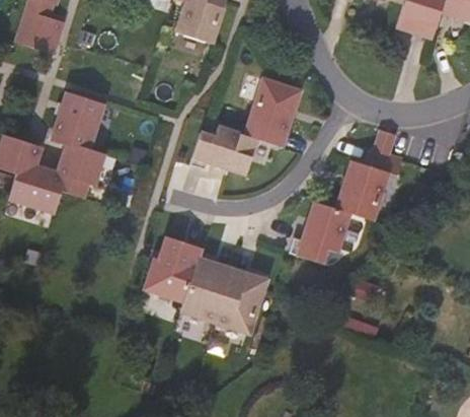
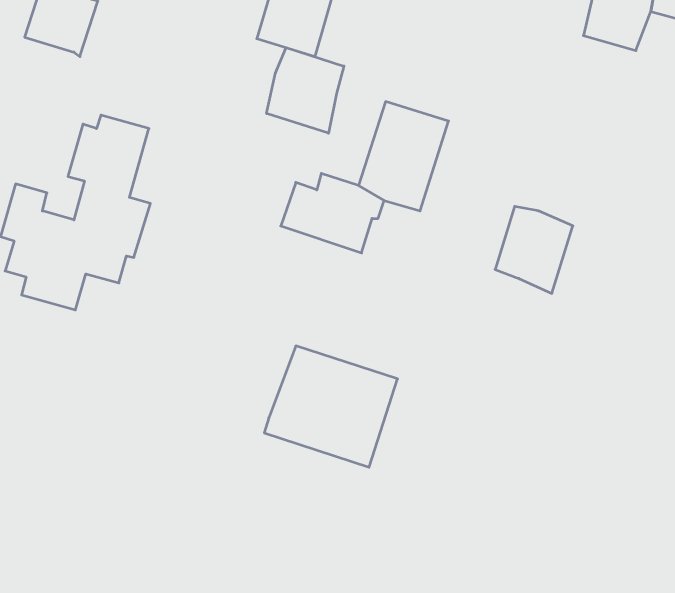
building: none -> [267,48,344,133]
building: [365,127,400,170] -> none
building: [295,193,351,257] -> none
building: [142,227,205,297] -> none

